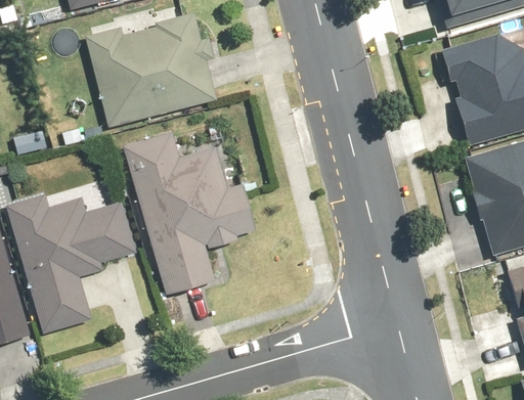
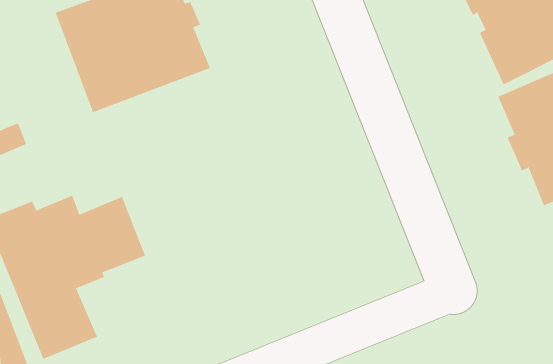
building: [124,130,256,294] -> none

